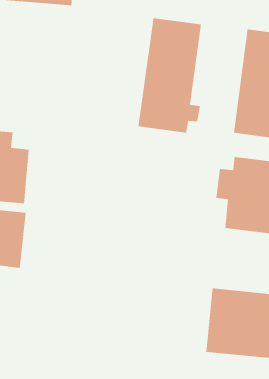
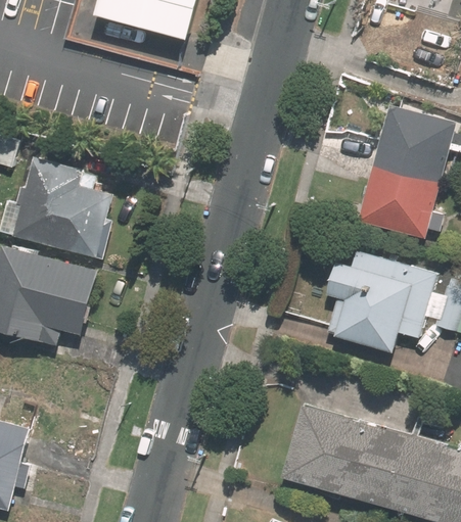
building: [138,18,201,134] -> none

